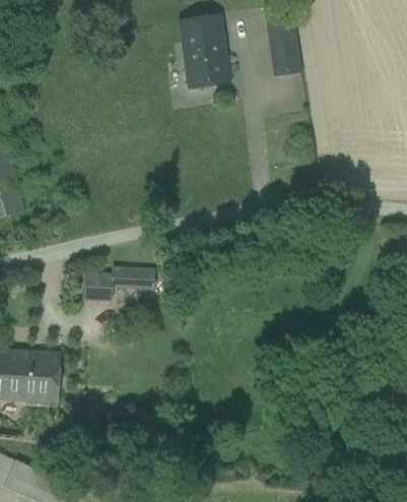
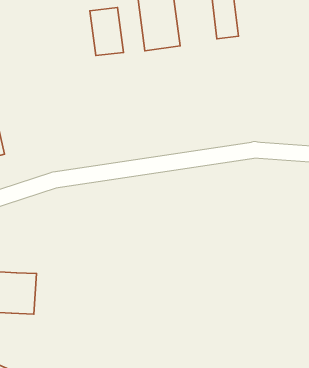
building: none -> [90,8,123,56]
building: [83,267,154,301] -> none

